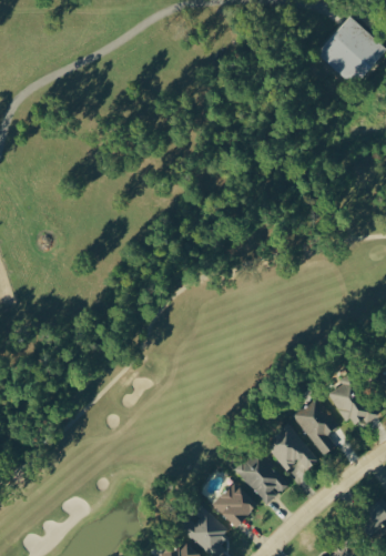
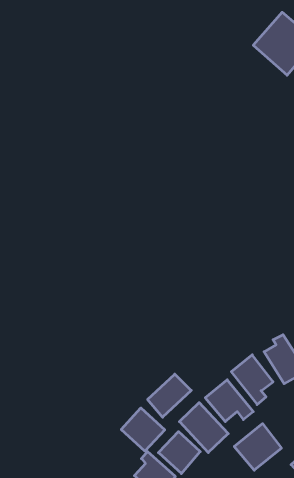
building: none -> [148,374,191,417]
building: none -> [121,408,165,451]
building: none -> [234,424,281,470]

